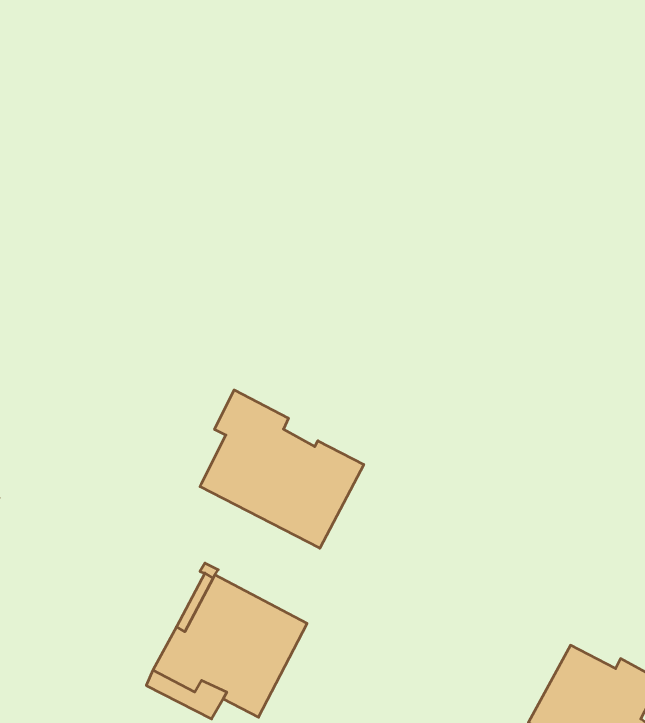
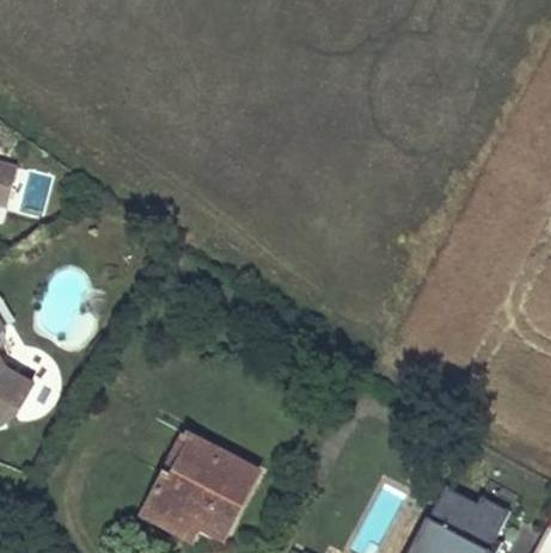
building: [200,390,364,548] -> none

